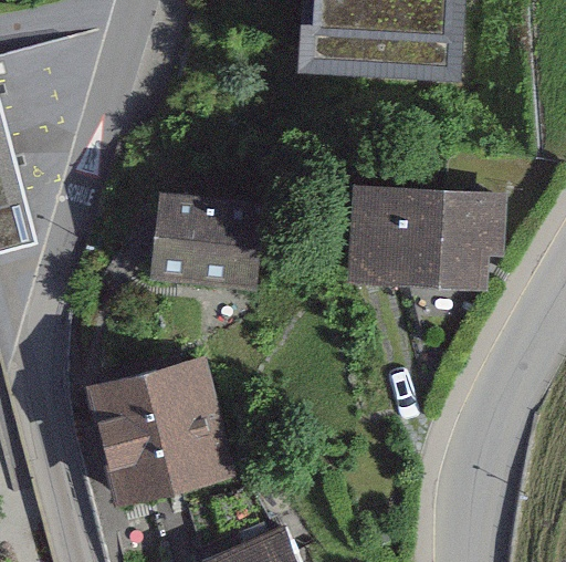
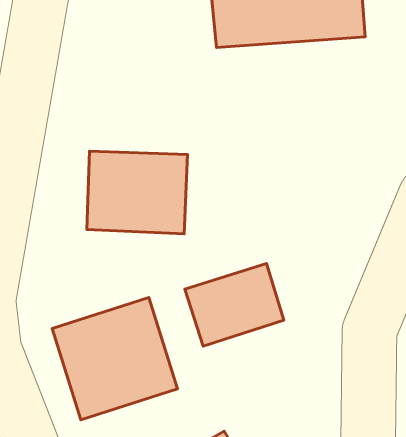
building: [348,174,499,277] -> none
building: none -> [185,264,284,346]

